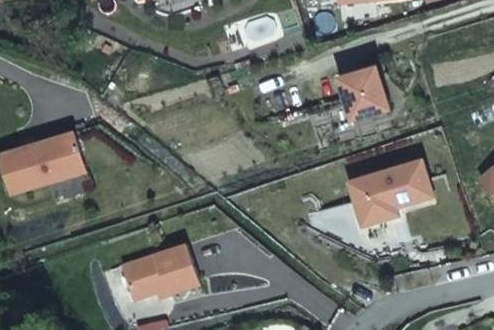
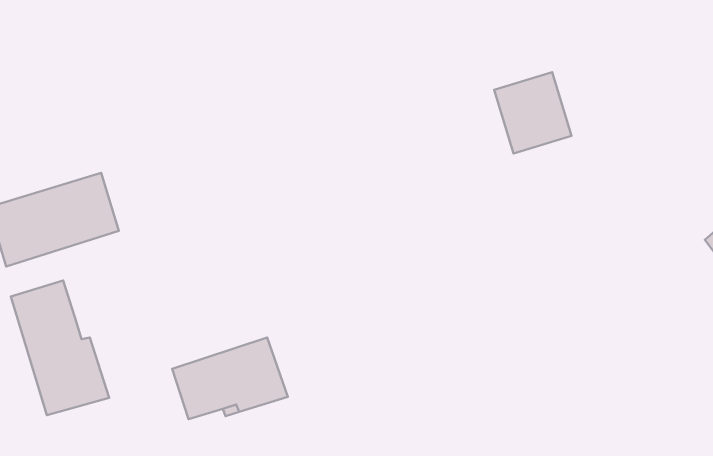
building: [347,159,432,226] -> none
building: none -> [11,280,109,415]

